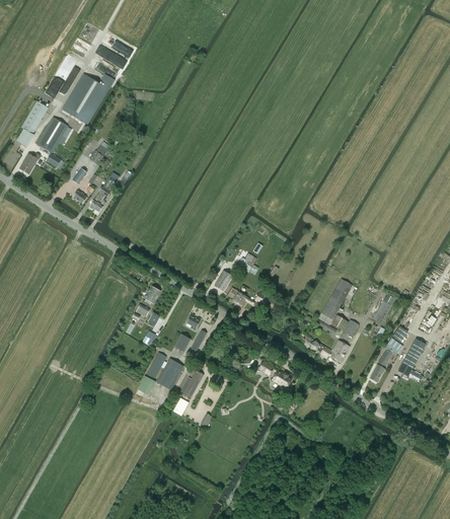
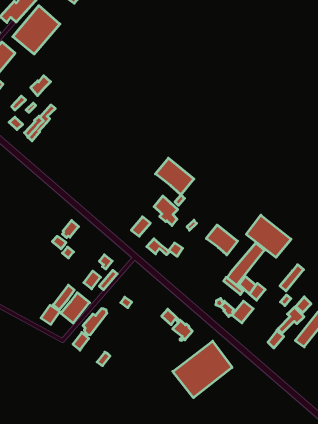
building: none -> [155,158,194,195]
building: none -> [246,215,291,257]
building: none -> [206,225,238,255]
building: none -> [173,341,232,398]

